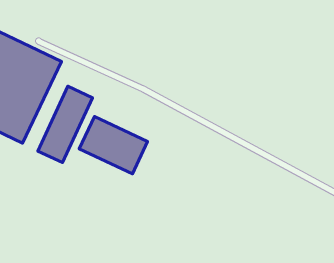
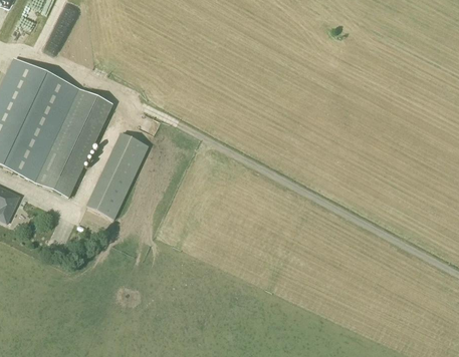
building: [79,117,148,174] -> none

